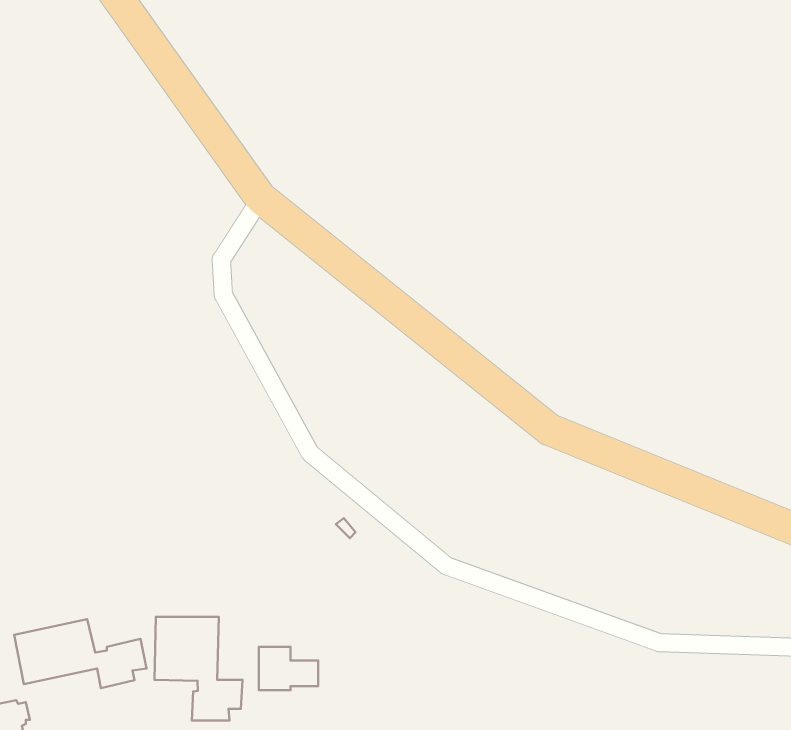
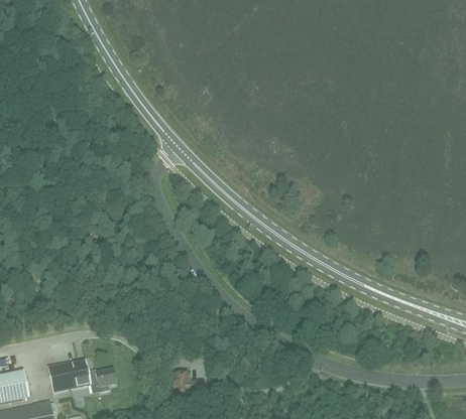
building: [154,617,242,721] -> none

